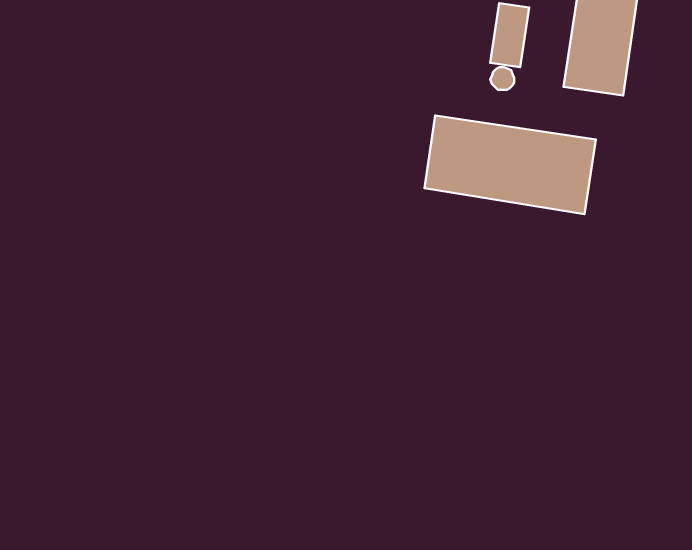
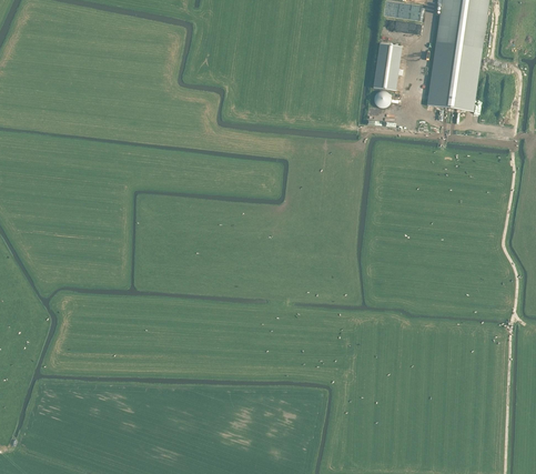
building: [424,115,596,214] -> none

